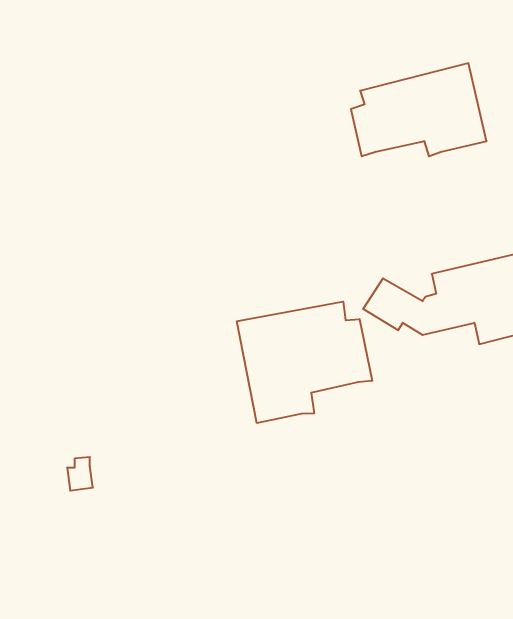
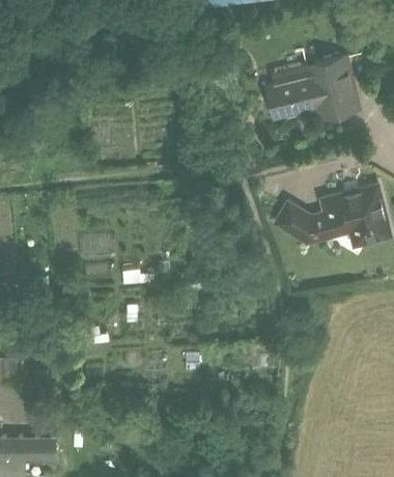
building: [237,302,372,423] -> none

